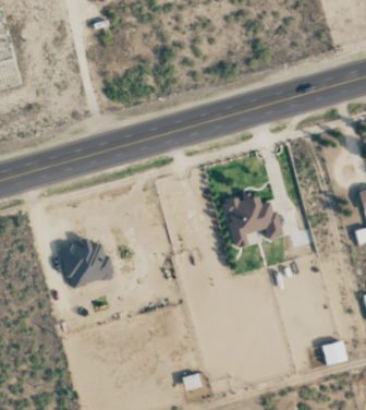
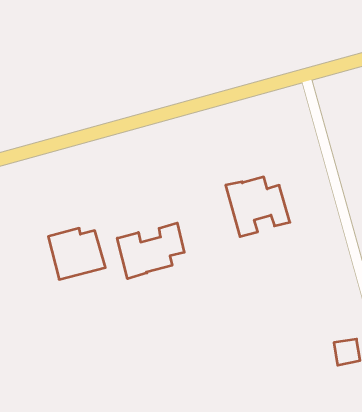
building: none -> [117,223,184,279]

